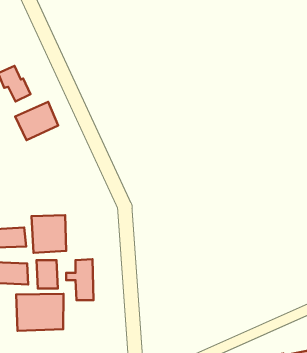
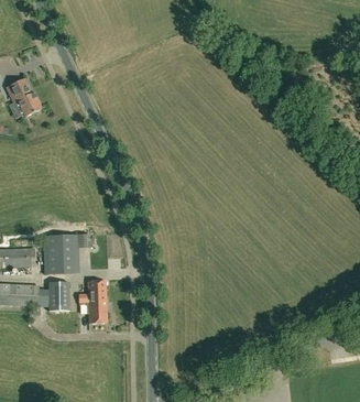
building: [15,102,58,140] -> none
building: [16,294,63,331] -> none

